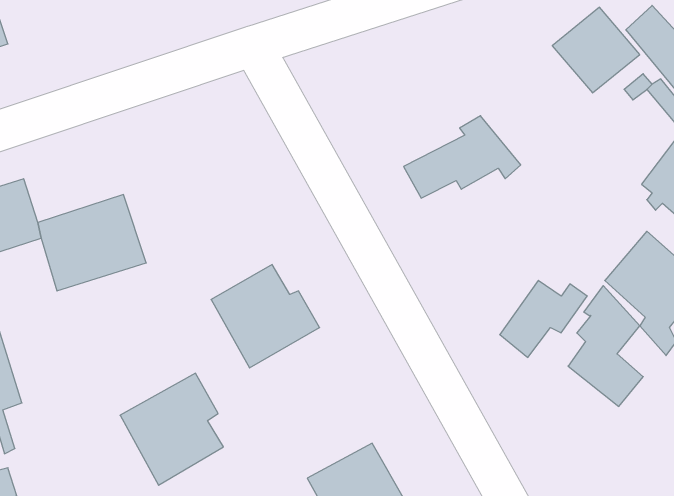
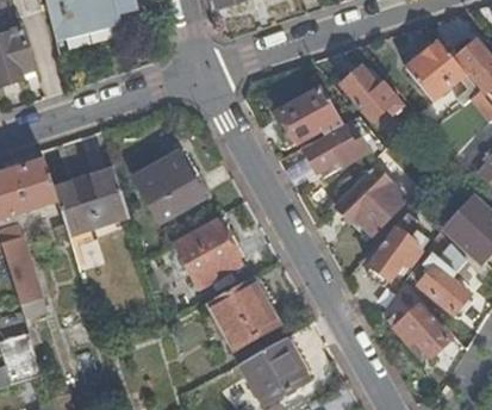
building: none -> [342,68,403,118]
building: none -> [281,89,341,143]
building: none -> [135,150,205,222]
building: none -> [336,166,406,232]
building: [120,373,223,485] -> [208,273,279,349]
building: none -> [387,304,448,355]

